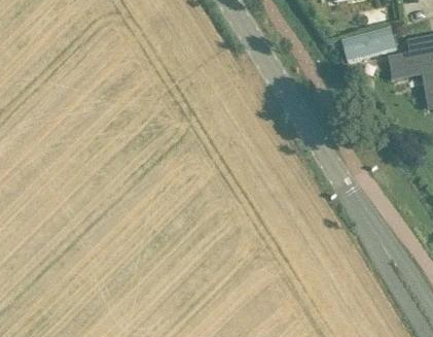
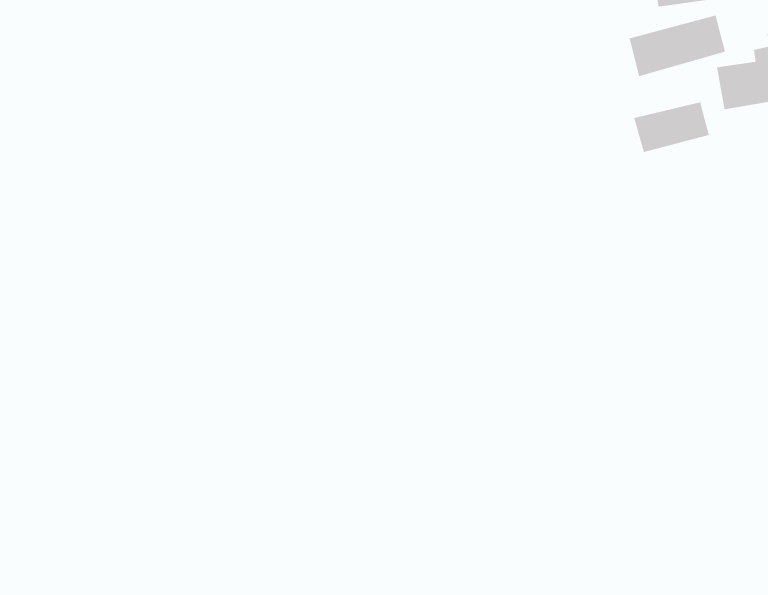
building: none -> [634,102,709,153]

